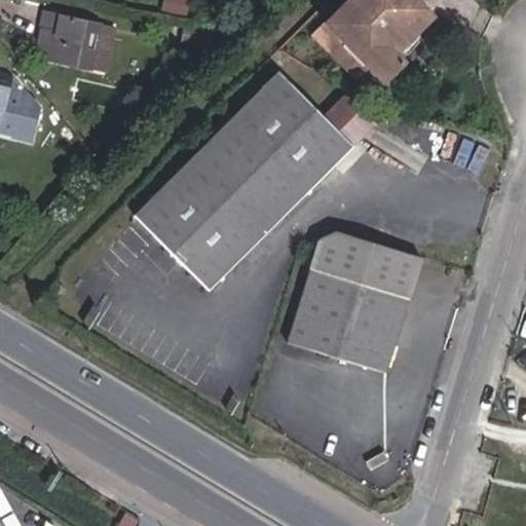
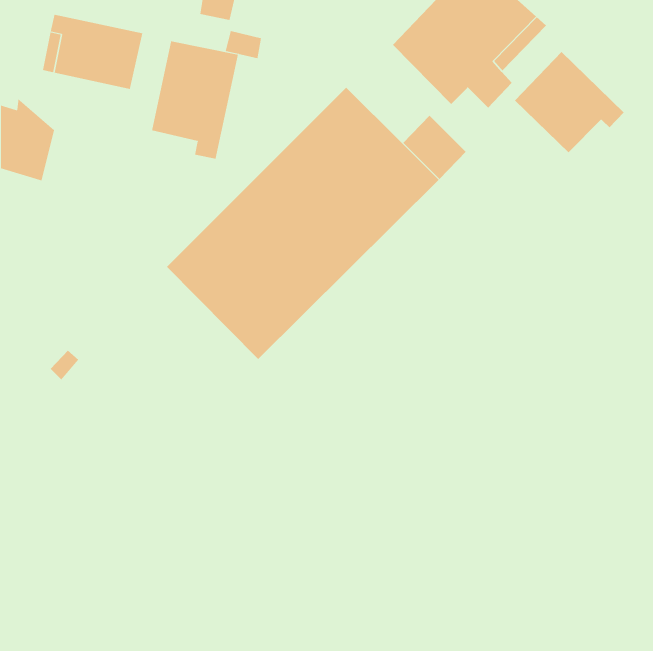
building: none -> [152,41,239,160]
building: none -> [514,51,625,153]
building: [286,230,422,372] -> none

